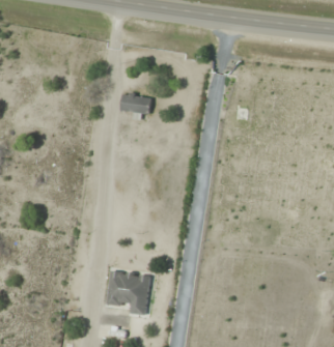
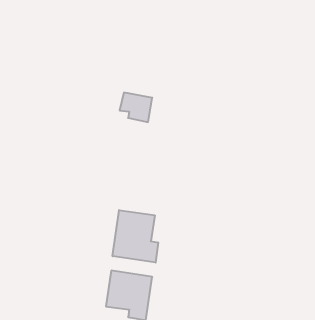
building: none -> [113,210,158,263]

